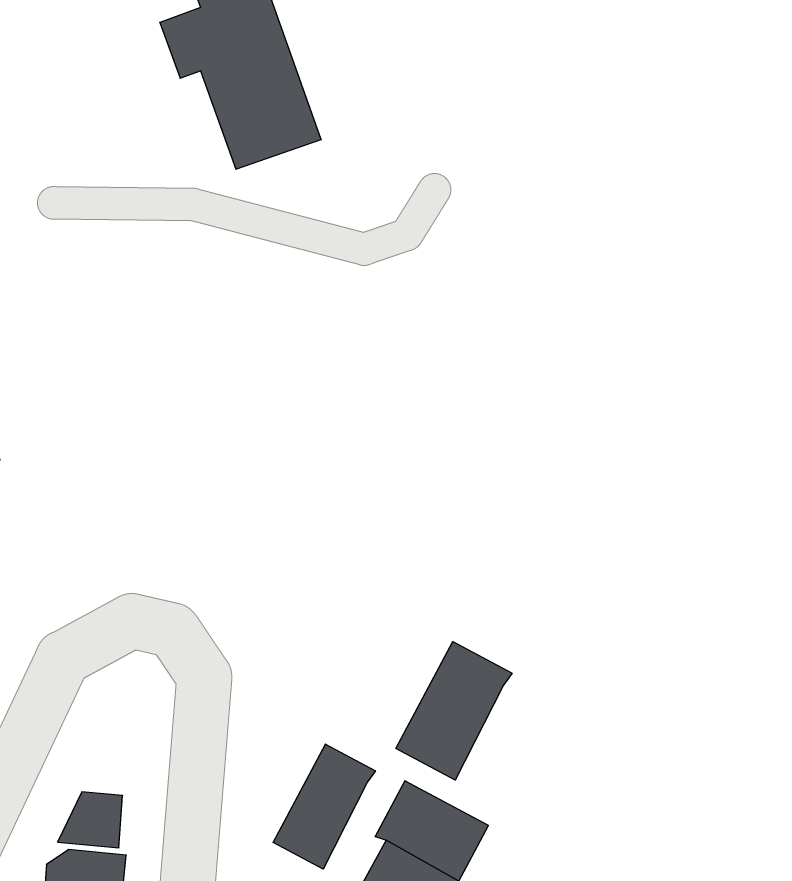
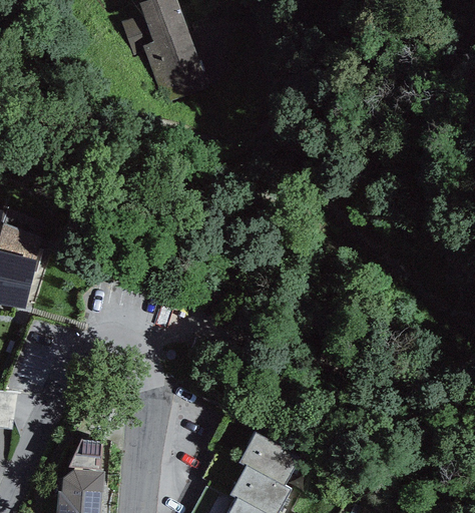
building: [396,642,512,780] -> none
building: [273,744,375,869] -> none

